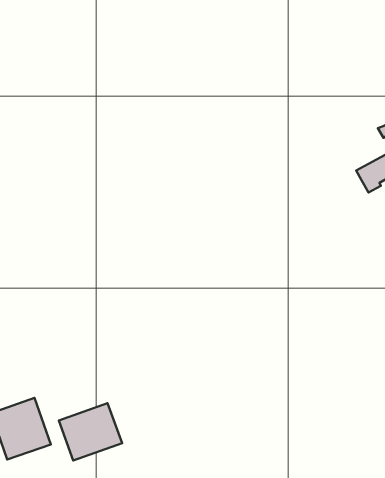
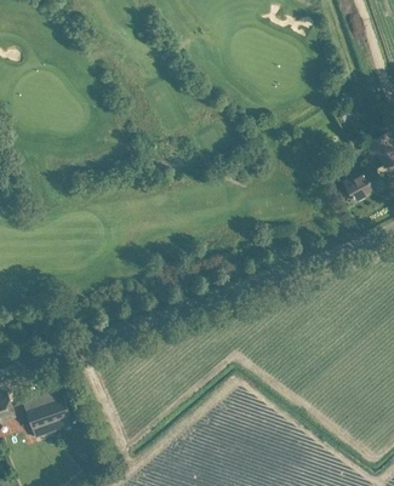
building: [59,403,122,461] -> none

